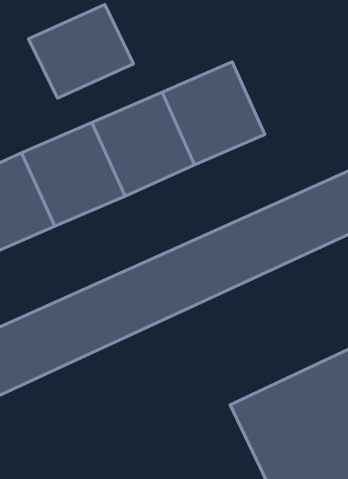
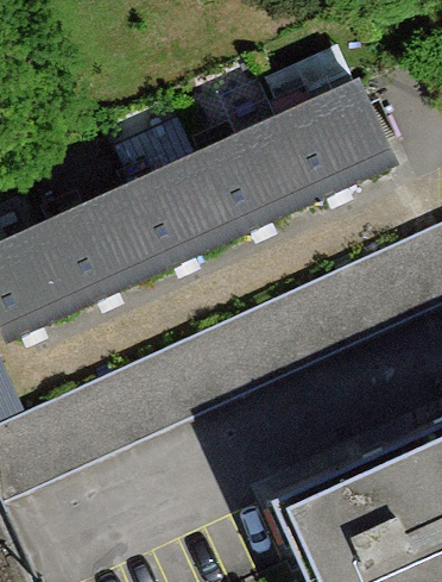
building: [29,4,134,98] -> none
building: none -> [278,87,391,200]

